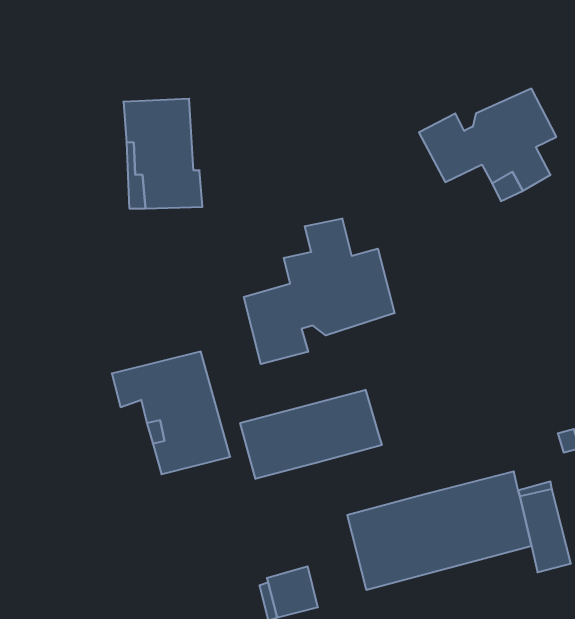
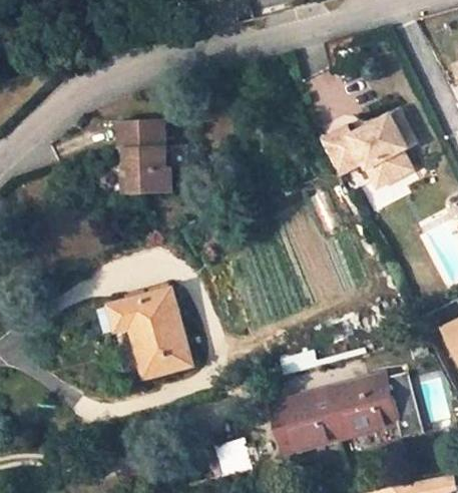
building: [244,218,395,364] -> none
building: [240,390,382,479] -> none

